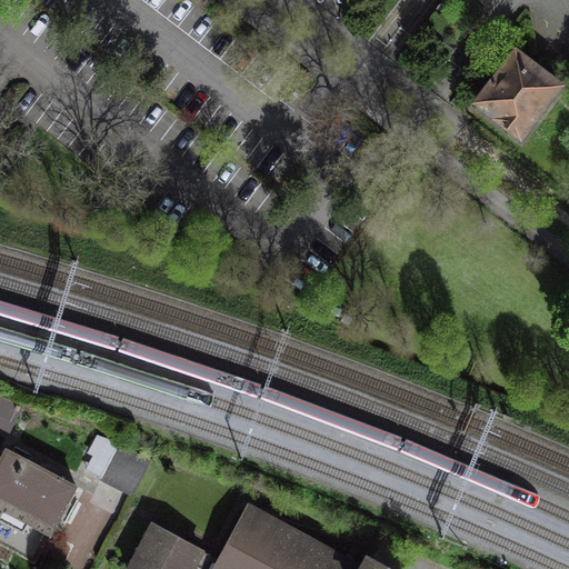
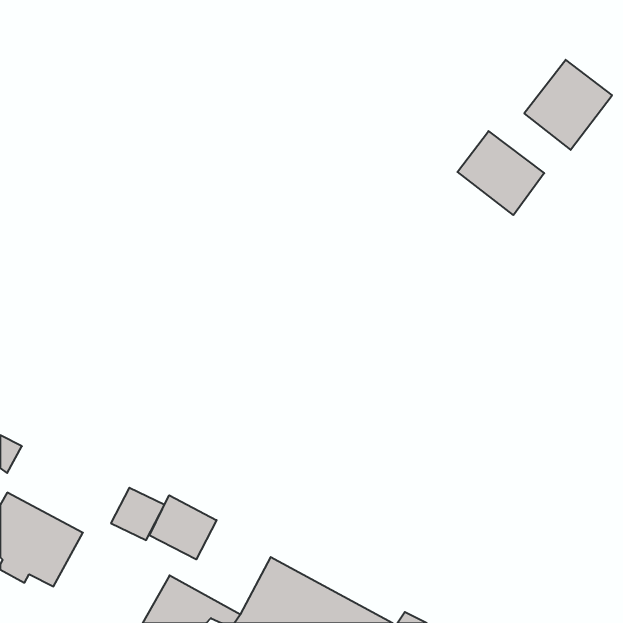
building: none -> [457,131,544,215]
building: none -> [149,495,217,559]

